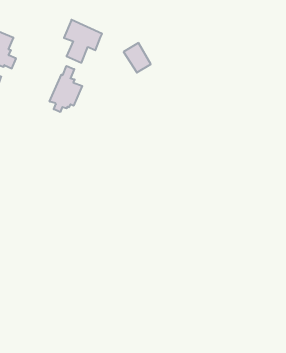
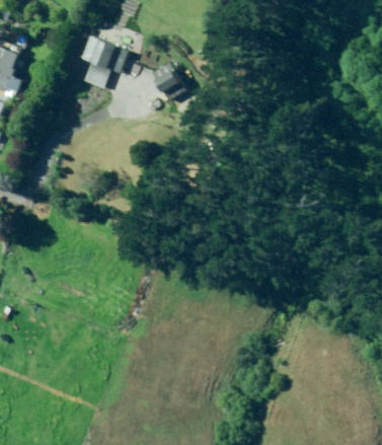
building: [50,66,82,112] -> none

